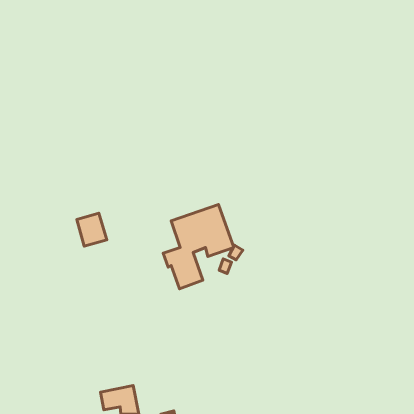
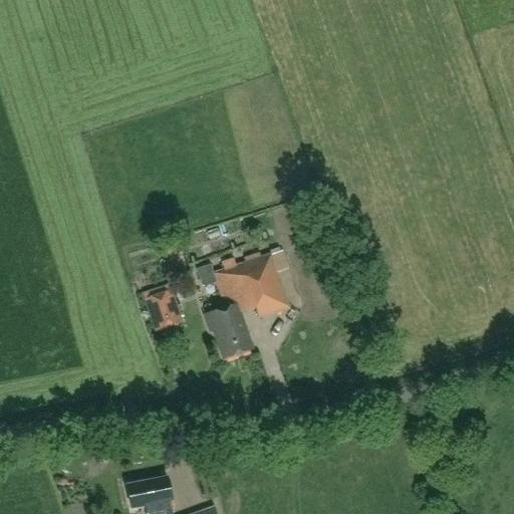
building: [77,213,107,246] -> [146,289,183,330]

